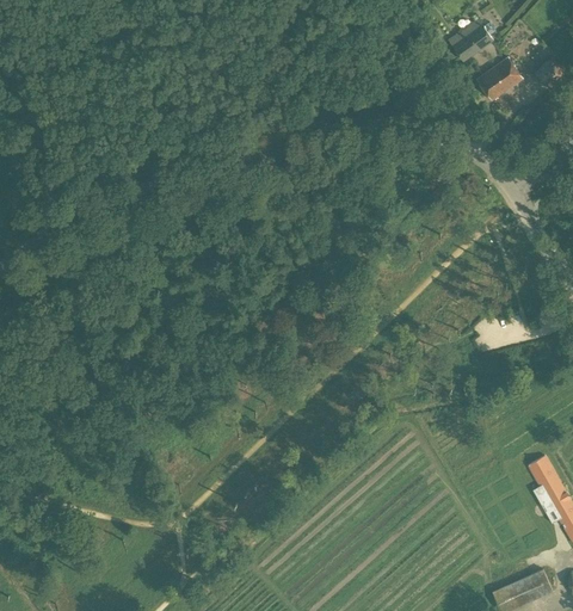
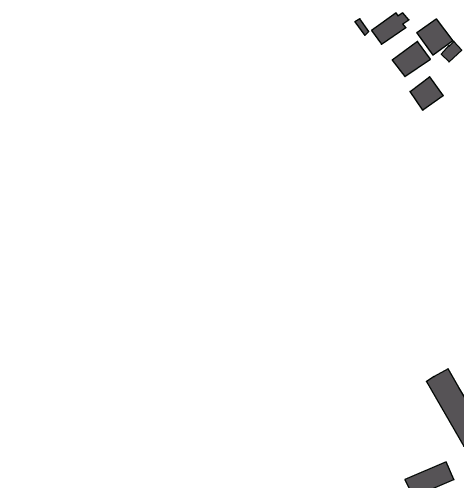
building: none -> [417,19,453,55]
building: none -> [410,77,443,110]

